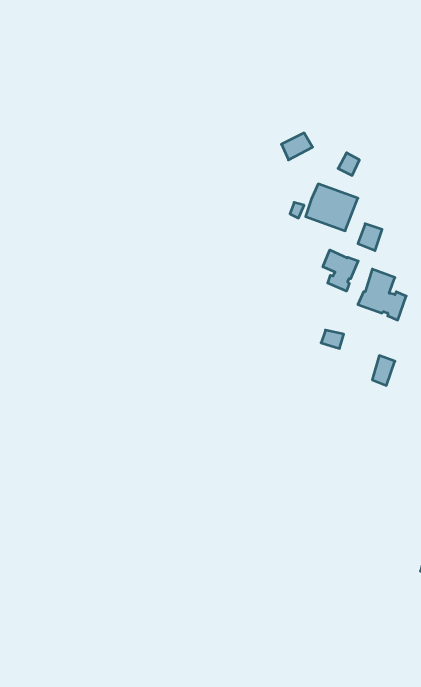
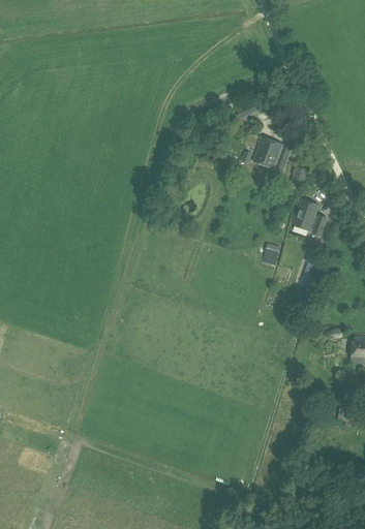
building: [323,250,358,291] -> none

